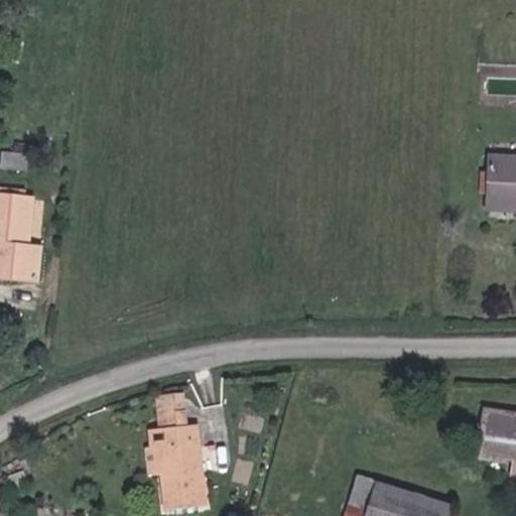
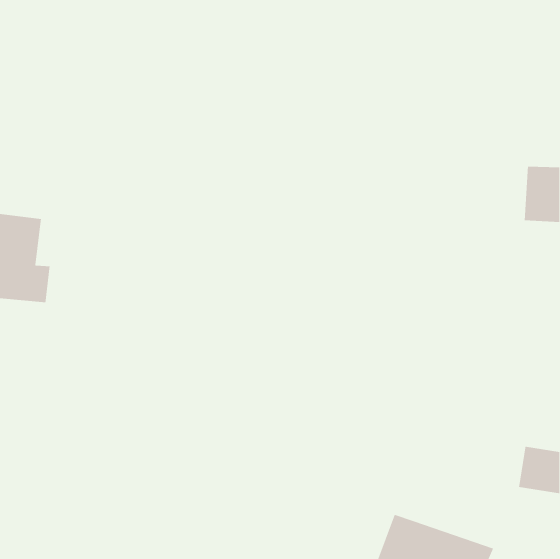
building: [152,410,208,509] -> none

